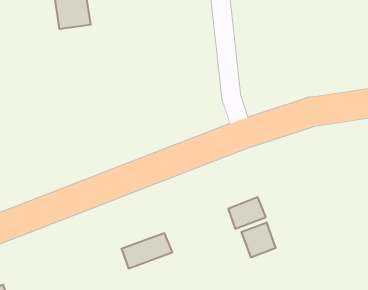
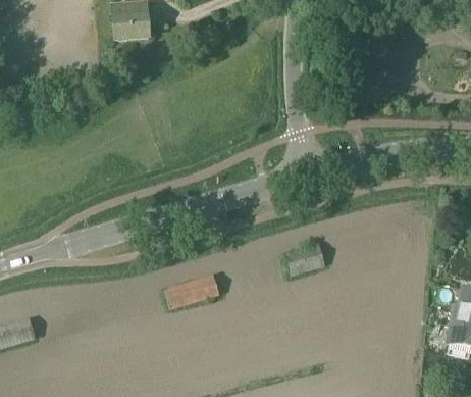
building: [241,222,276,257] -> none

